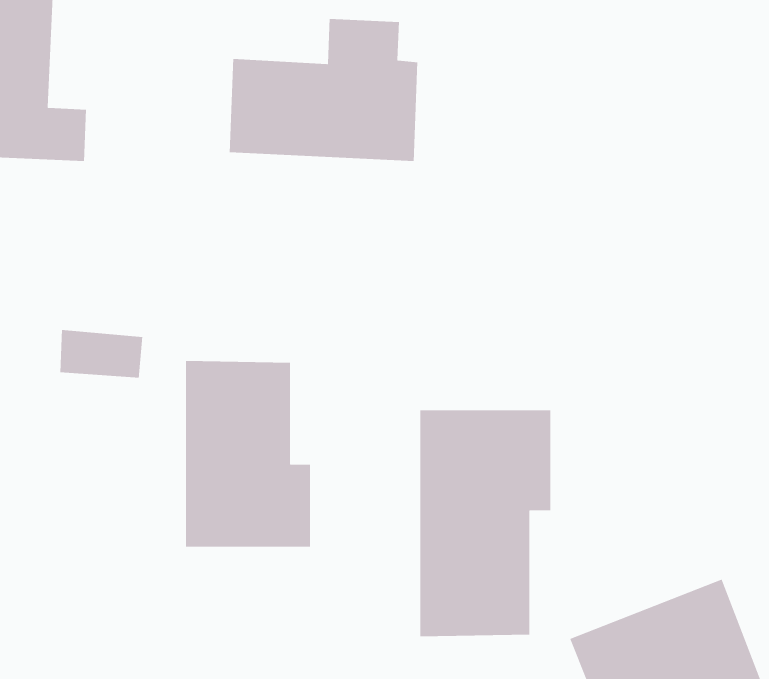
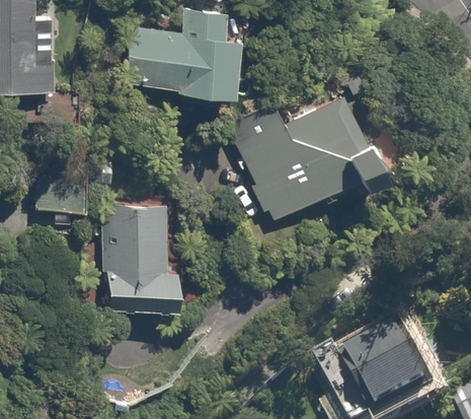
building: none -> [227,97,376,218]
building: [420,409,551,637] -> none

